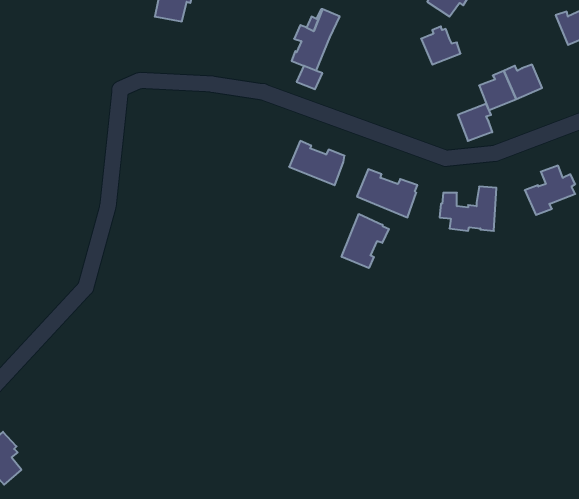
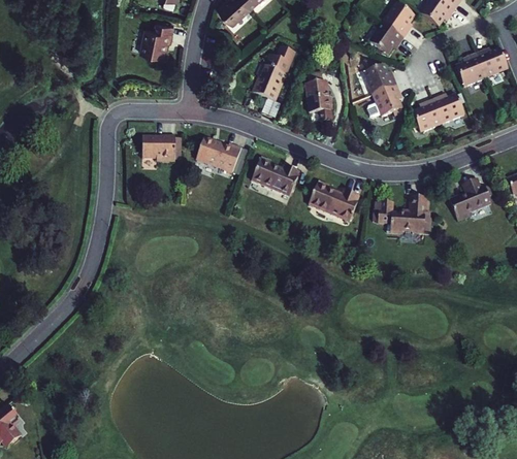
building: none -> [456,53,486,87]
building: none -> [305,81,332,122]
building: [458,104,492,141] -> [373,85,401,116]
building: none -> [143,135,175,161]
building: none -> [198,136,241,171]
building: [342,214,389,268] -> none

